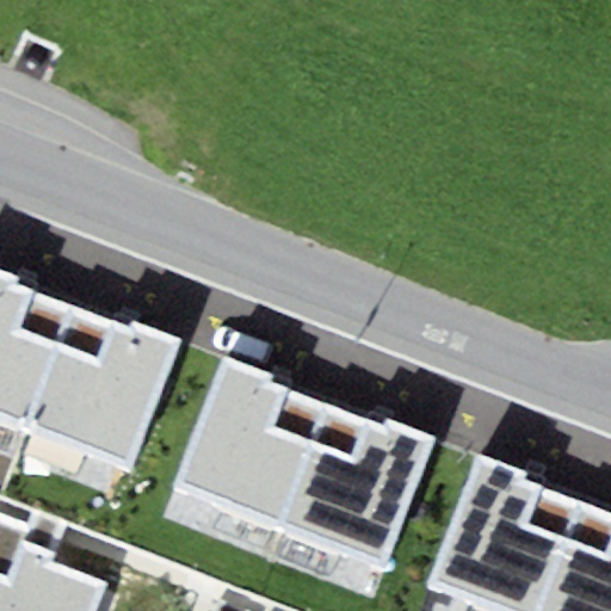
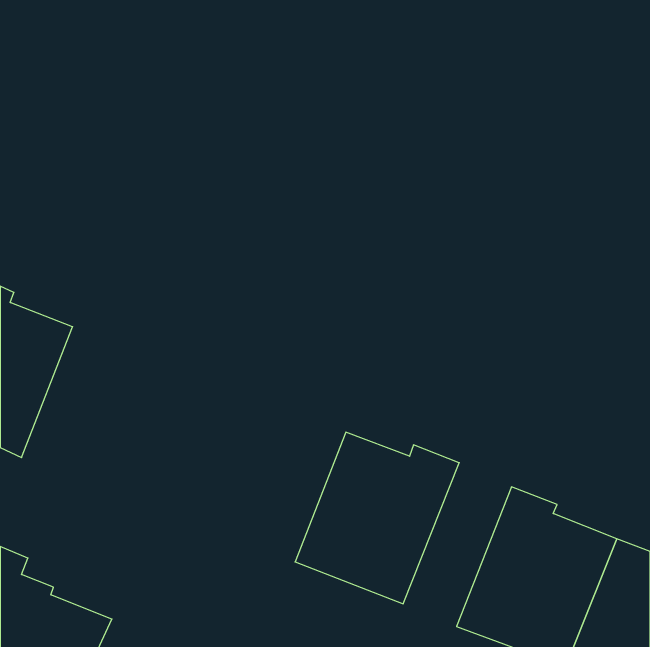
building: [20,309,174,471] -> none
building: [174,359,325,530] -> none

